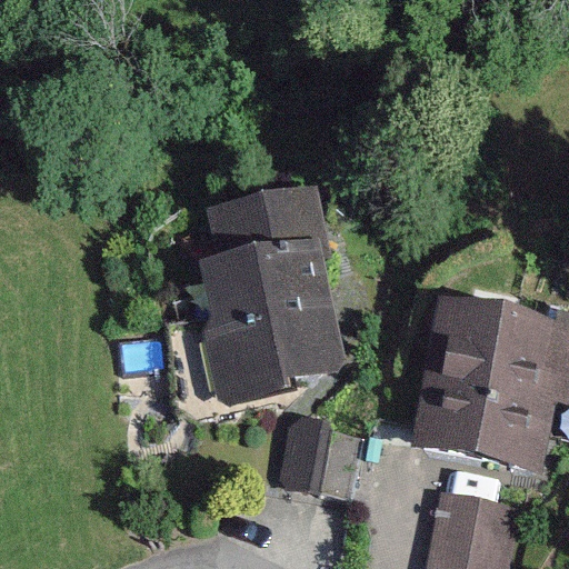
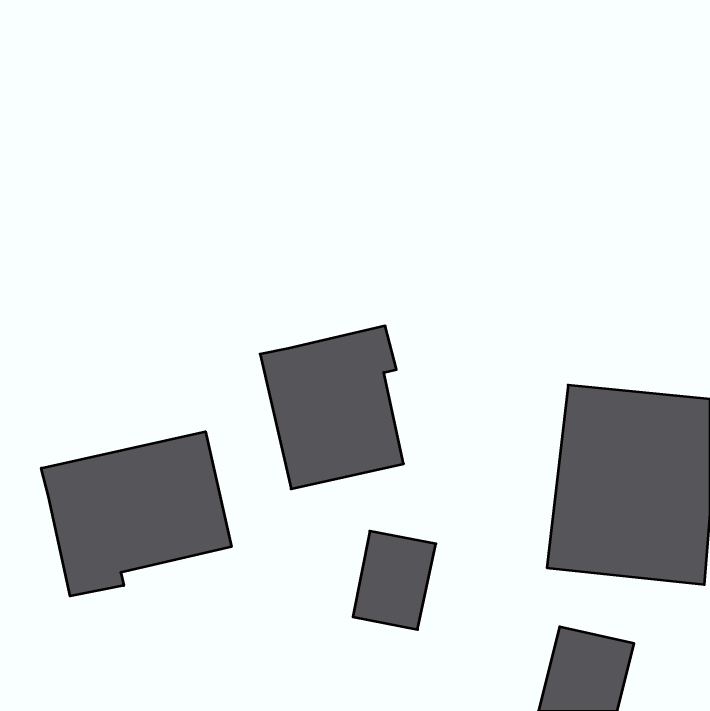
building: [217,204,315,276] -> none
building: none -> [41,432,231,596]

